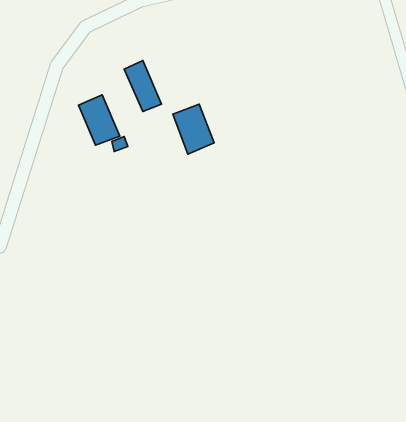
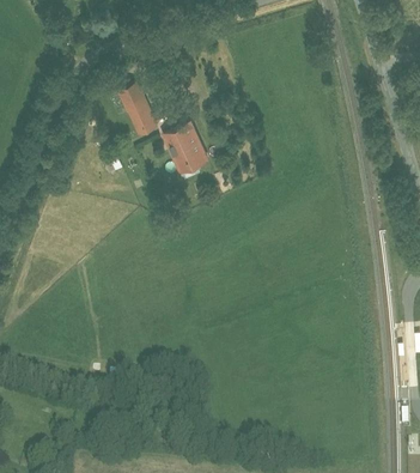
building: [79,95,120,145] -> none

